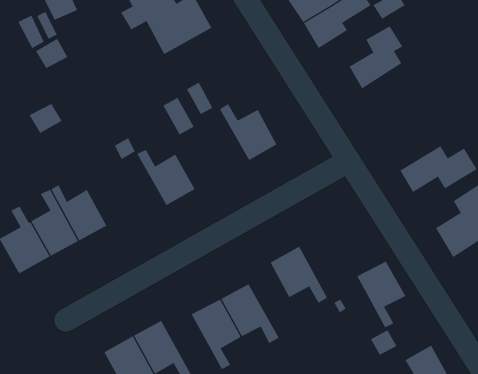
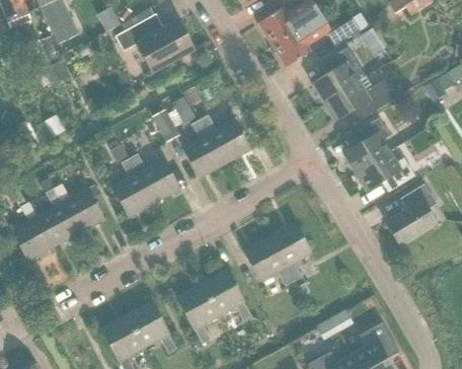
building: none -> [322,76,383,122]
building: none -> [343,118,390,172]
building: none -> [182,120,225,178]
building: none -> [111,158,154,217]
building: [357,261,406,328] -> [268,224,311,282]

